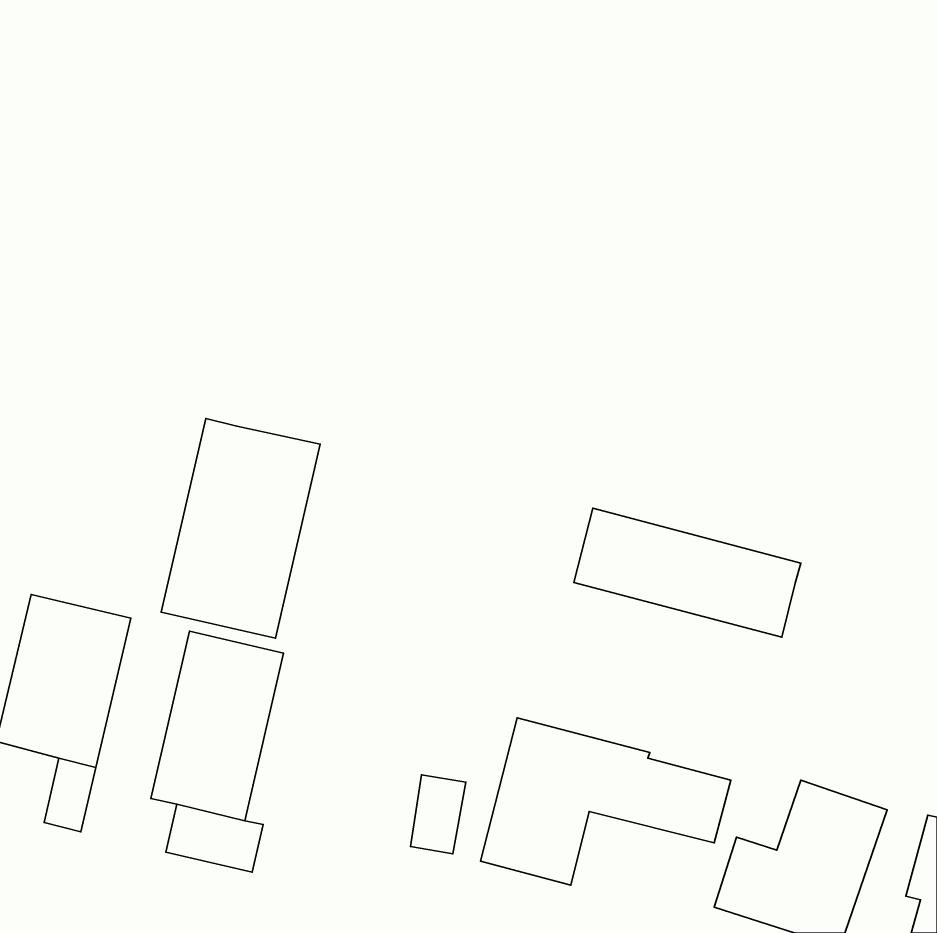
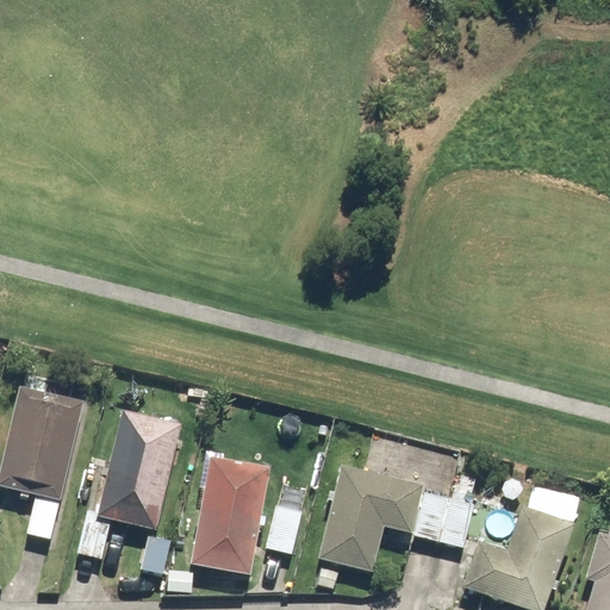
building: [161,418,320,638] -> none
building: [574,508,801,637] -> none
building: none -> [192,458,268,572]

